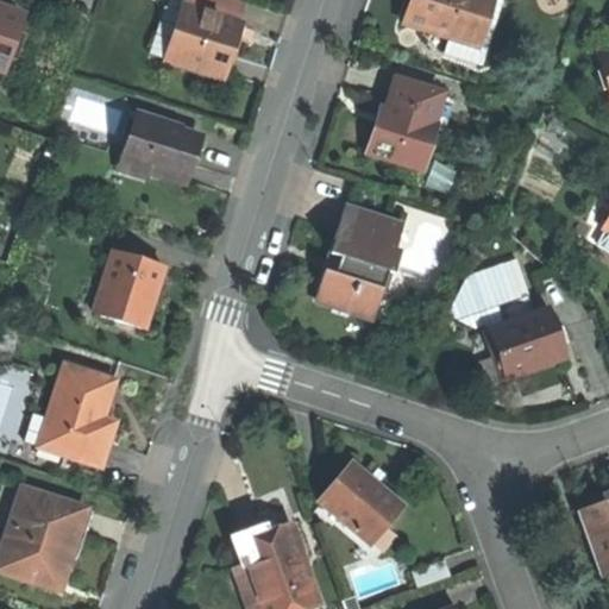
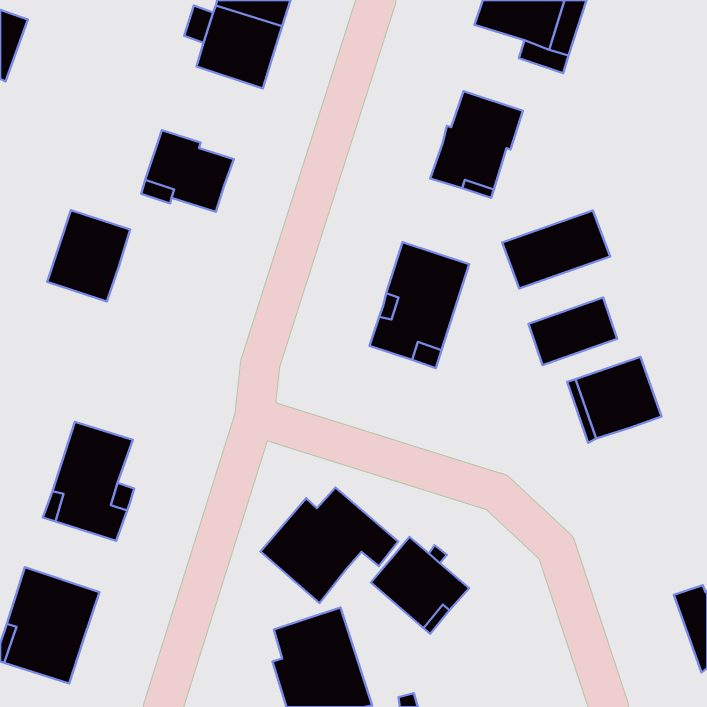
building: none -> [502,211,610,288]
building: [94,249,165,327] -> [47,210,130,301]
building: none -> [260,488,398,603]

